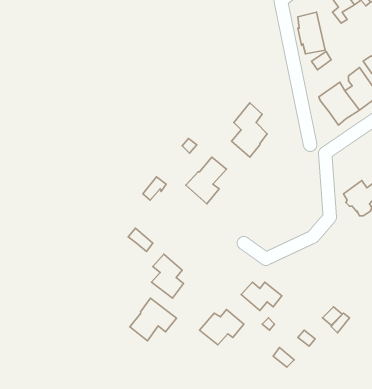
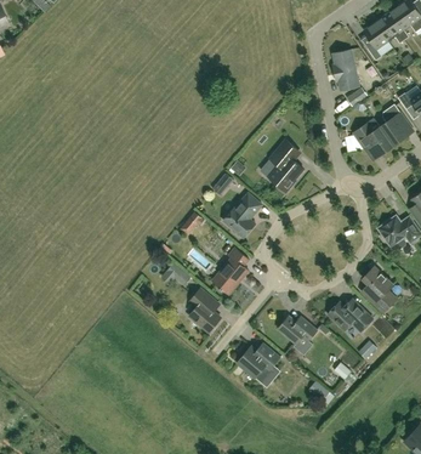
building: none -> [214,248,249,294]
building: none -> [363,266,398,312]
building: none -> [329,300,372,331]
building: [130,298,177,341] -> none

